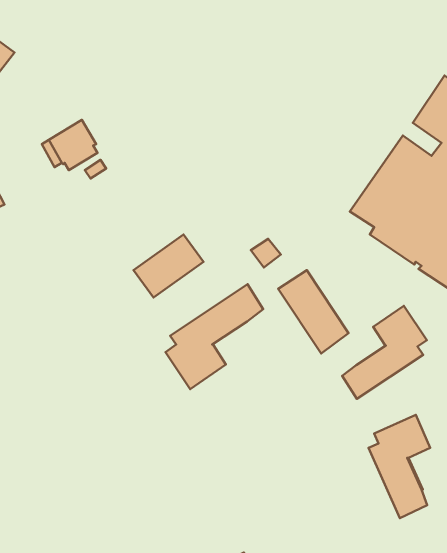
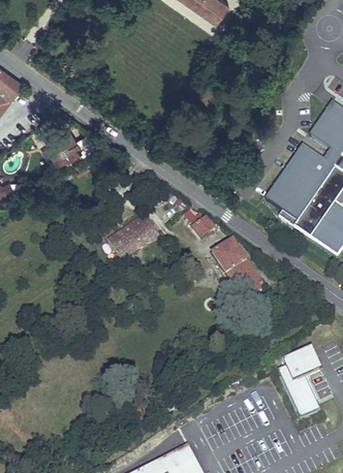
building: [165,284,263,389] -> none
building: [342,306,427,399] -> none

